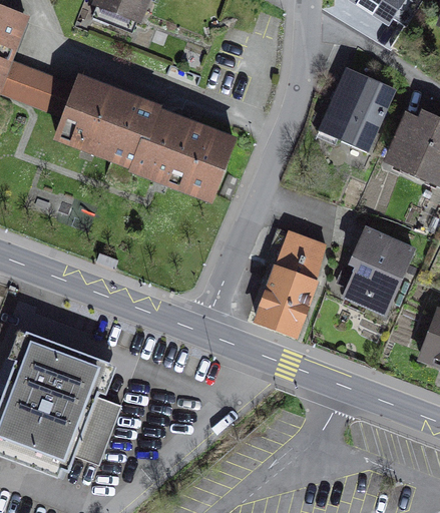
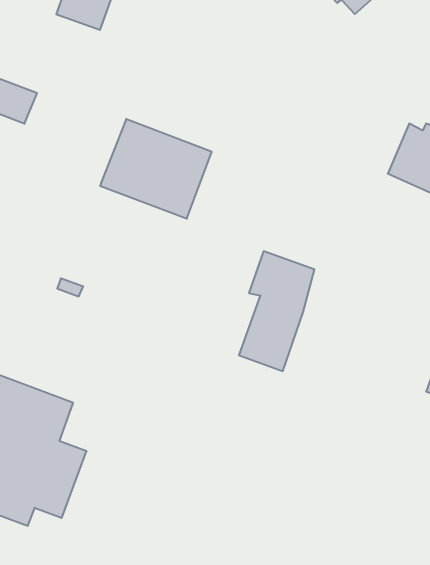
building: [322,68,395,149] -> none
building: [59,77,158,166] -> none
building: [337,228,414,305] -> none

